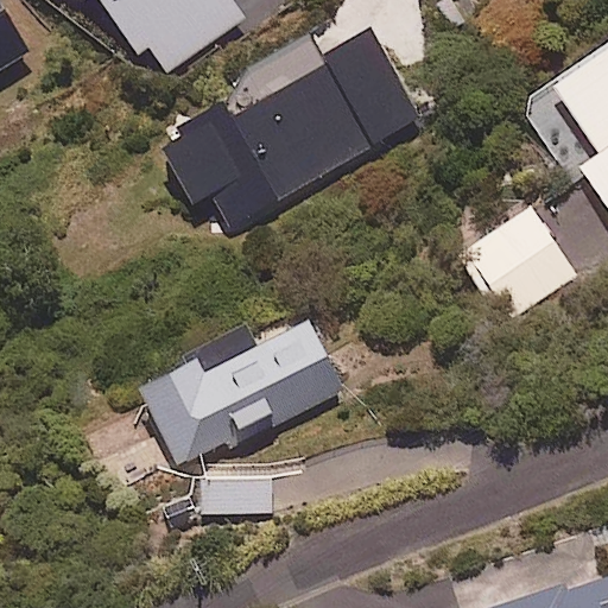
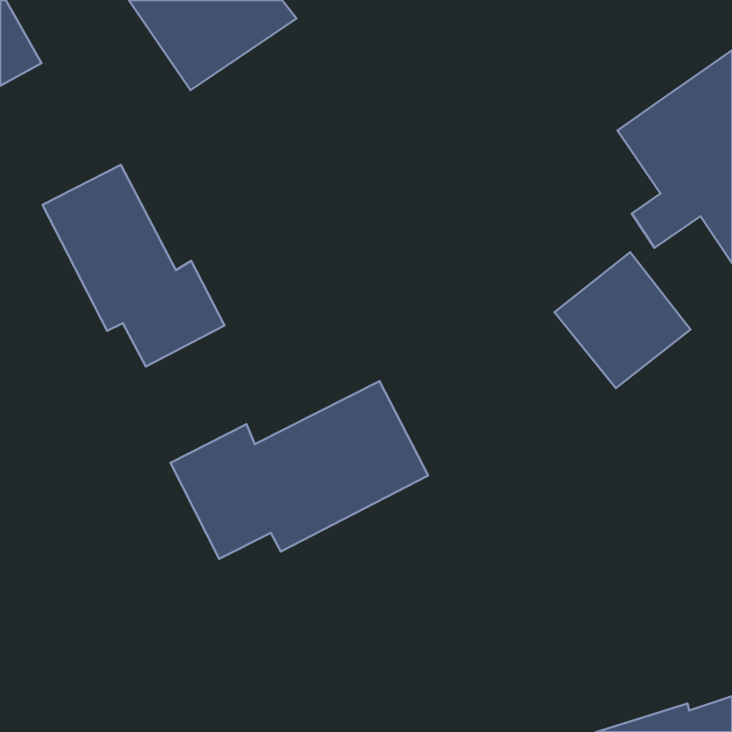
building: [179,28,425,222] -> none
building: none -> [42,165,225,366]

